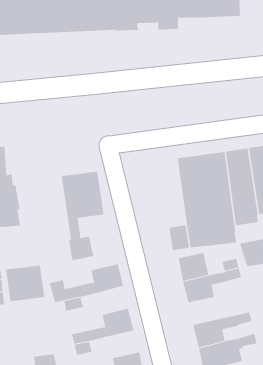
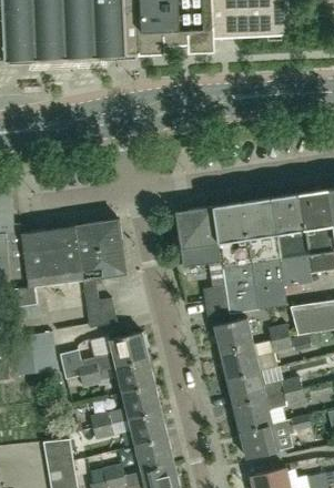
building: none -> [176,206,221,267]
building: none -> [10,227,82,318]
building: none -> [117,359,155,394]
building: none -> [226,373,301,406]
building: none -> [130,413,169,446]

